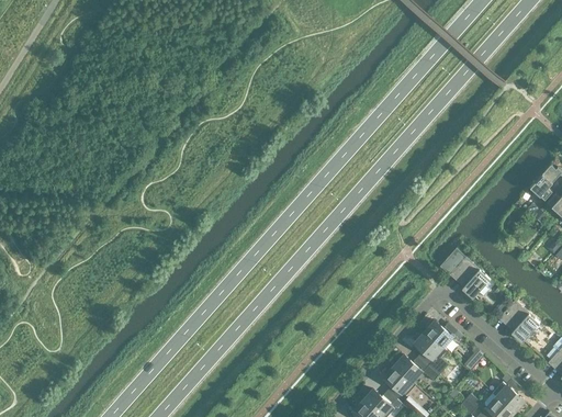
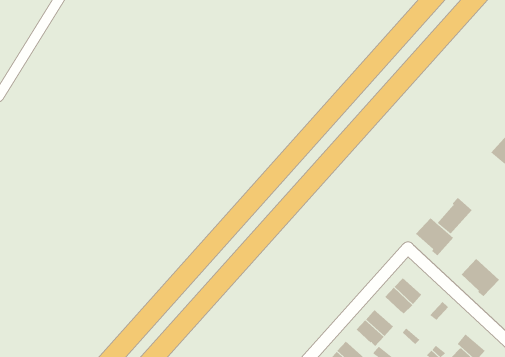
building: none -> [437,197,472,235]

